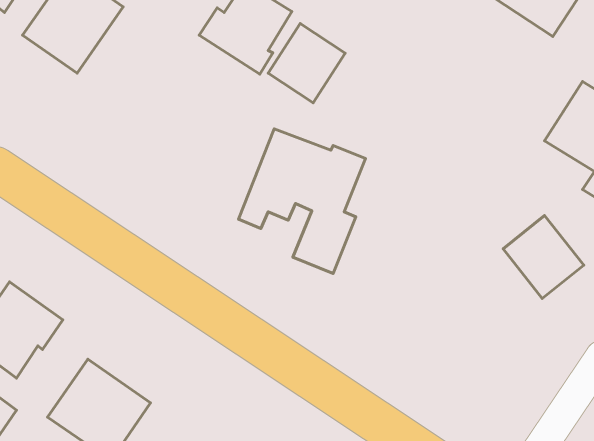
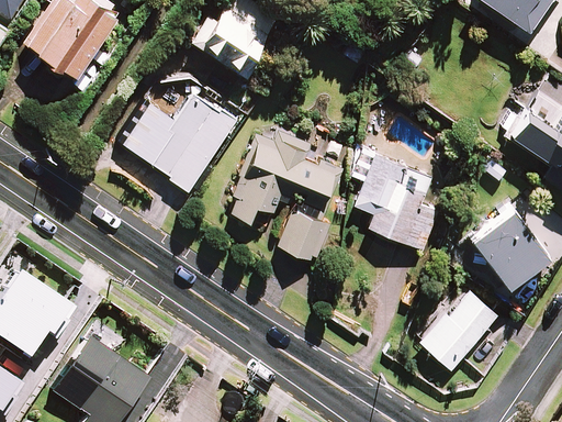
building: [268,23,345,103] -> none
building: none -> [125,95,235,192]
building: none -> [355,155,439,251]
building: none -> [422,295,497,369]

